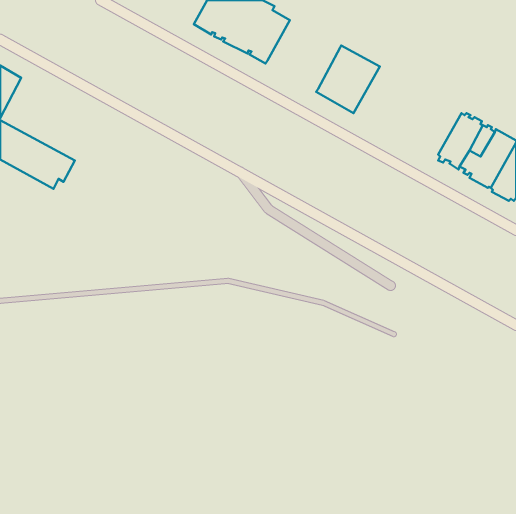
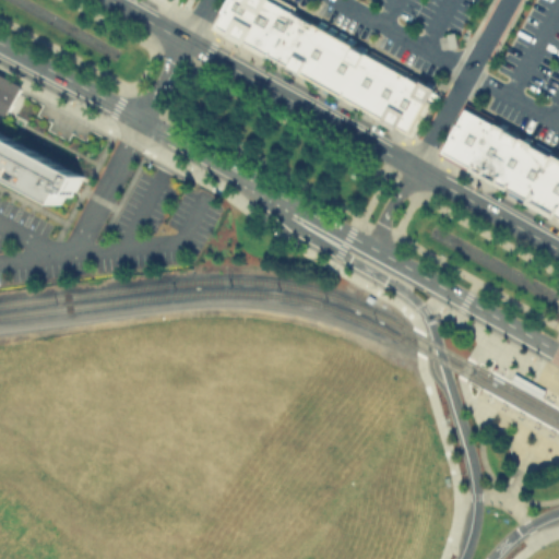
building: none -> [289,21,368,100]
building: none -> [382,74,438,140]
building: none -> [437,103,500,174]

